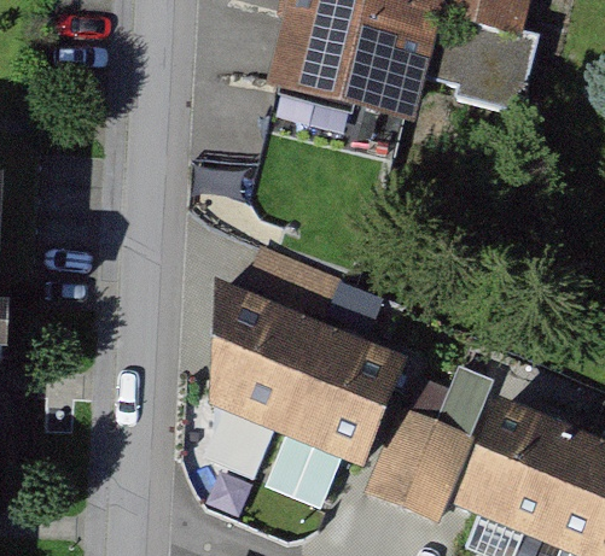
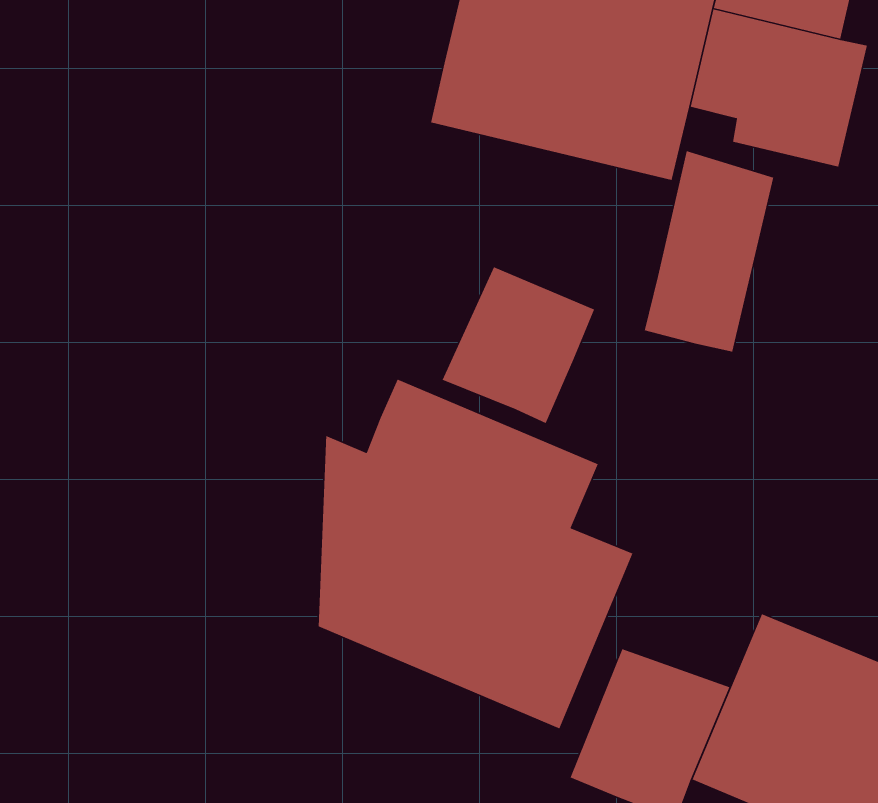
building: none -> [644,150,774,352]
building: none -> [442,266,595,424]

